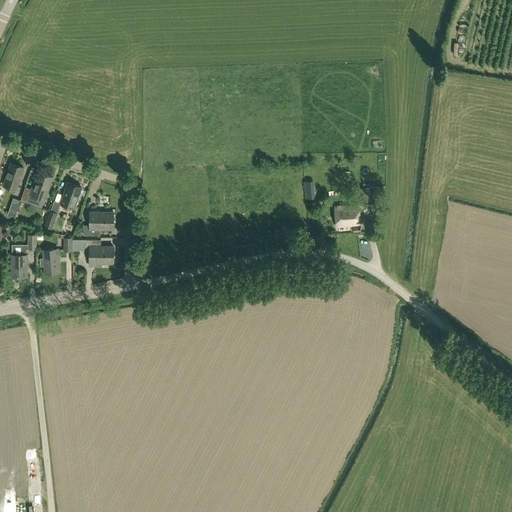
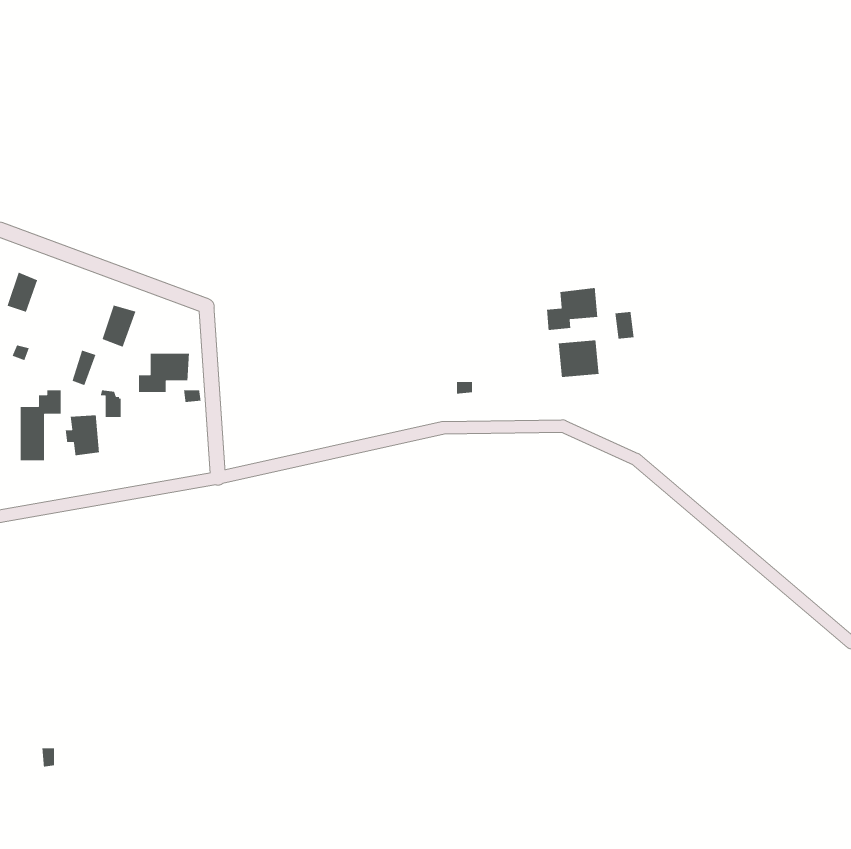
building: [20,173,52,204] -> none
building: none -> [546,287,598,331]
building: [90,240,113,267] -> none

